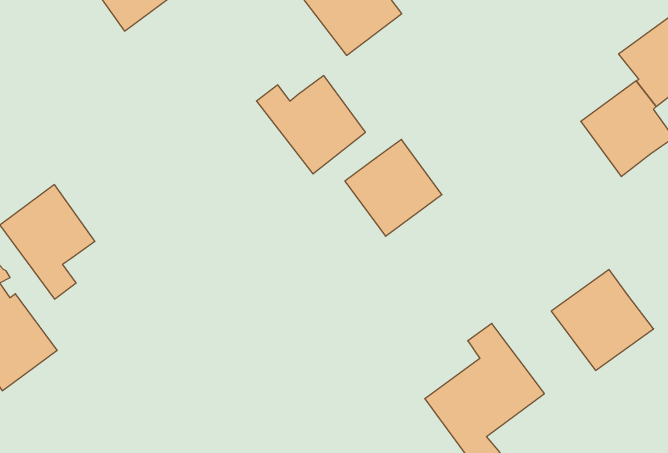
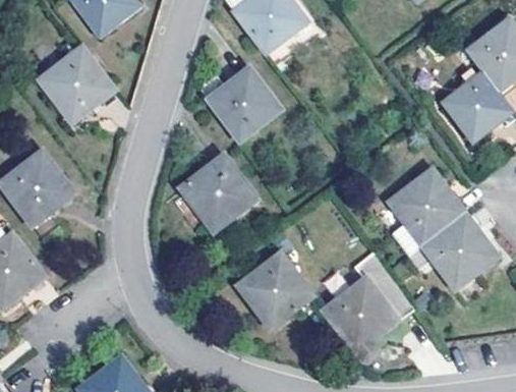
building: none -> [42,48,115,122]
building: [345,139,442,236] -> [182,156,255,229]
building: none -> [389,173,463,257]
building: none -> [238,256,311,328]

